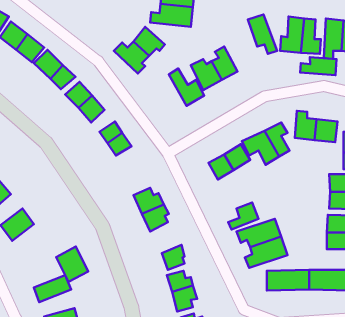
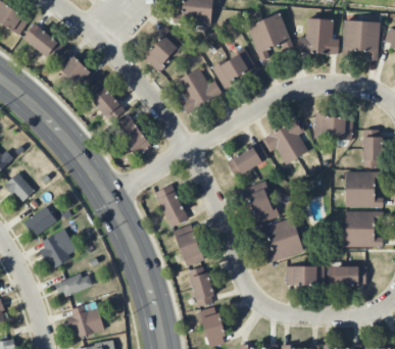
building: none -> [248,20,276,62]
building: [300,57,336,75] -> none
building: none -> [176,74,206,115]
building: none -> [237,180,270,206]
building: none -> [174,225,201,250]
building: [56,247,88,282] -> [39,235,70,269]

